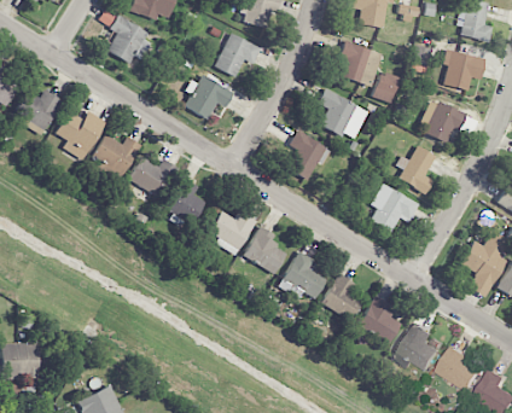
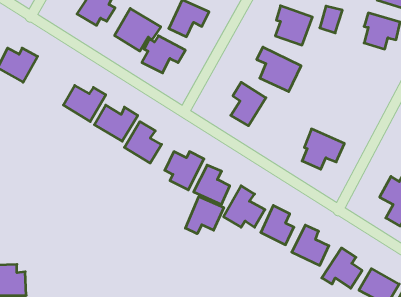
building: none -> [115,8,161,51]
building: [372,72,398,104] -> [320,6,342,33]
building: [420,100,466,142] -> none
building: [54,111,105,161] -> none
building: [397,146,436,194] -> none
building: none -> [185,197,224,234]

